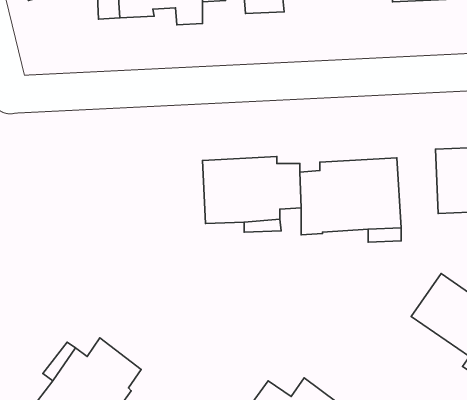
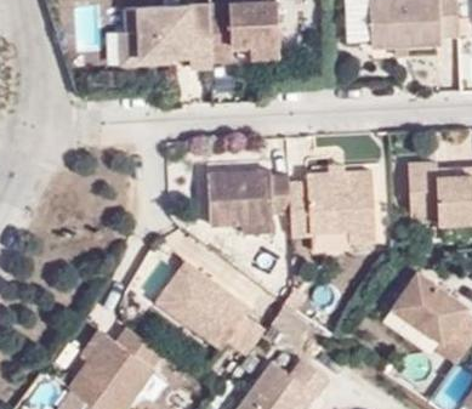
building: none -> [150,265,260,358]

